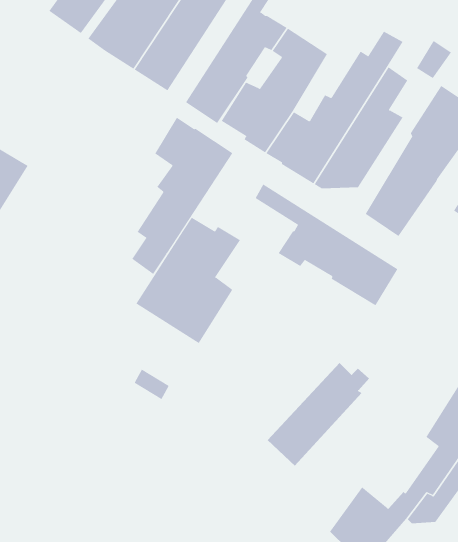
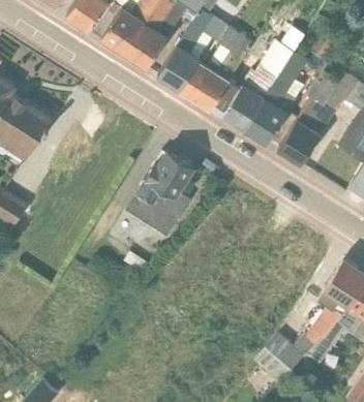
building: [132,117,233,275] -> none
building: [255,183,398,306] -> none
building: [267,362,370,467] -> none

